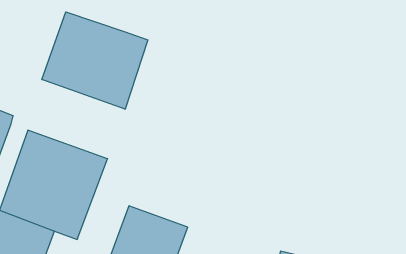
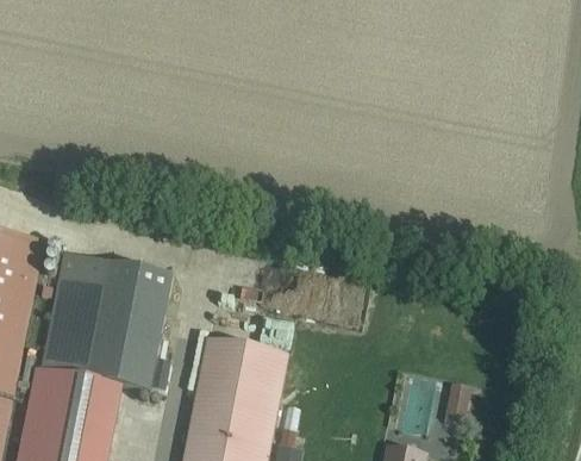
building: [42,12,148,109] -> none

